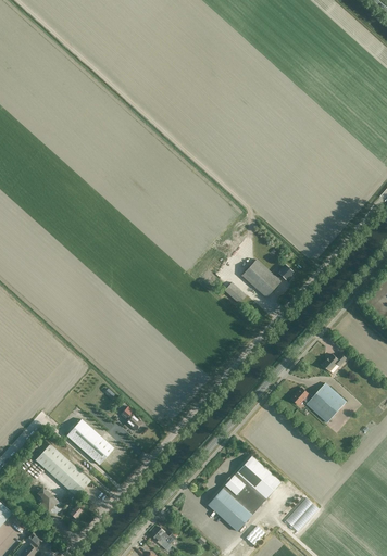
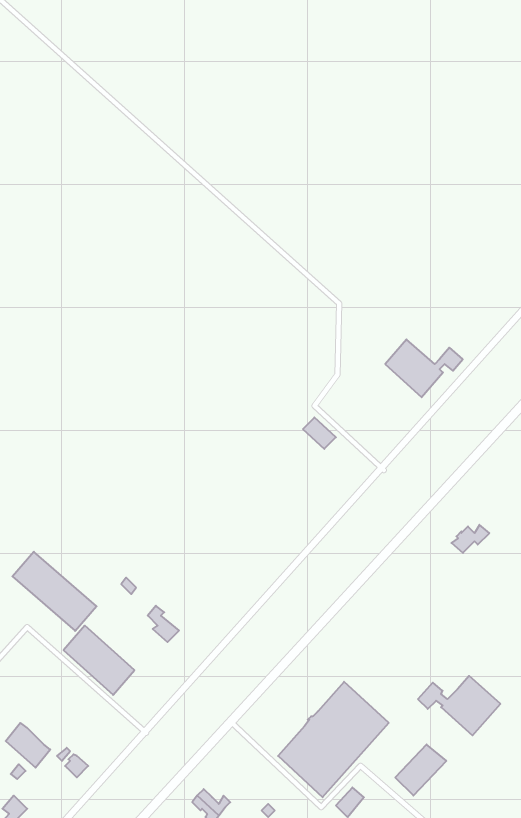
building: [241,260,292,298] -> [385,339,463,397]
building: [291,383,346,422] -> [418,676,500,735]
building: [35,444,90,496] -> [12,552,97,631]

